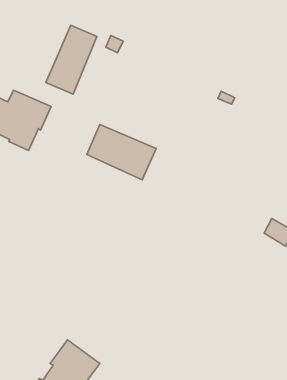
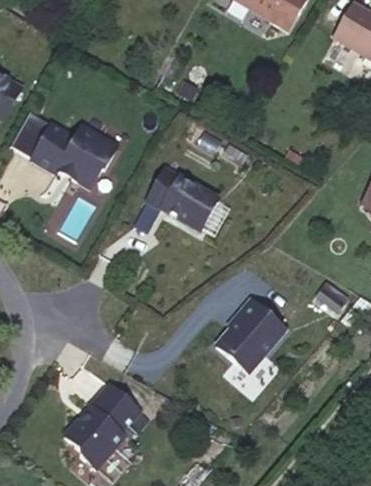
building: [46,25,97,94] -> none
building: none -> [216,299,286,373]

